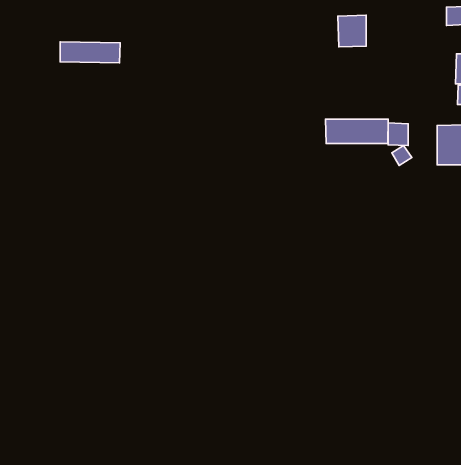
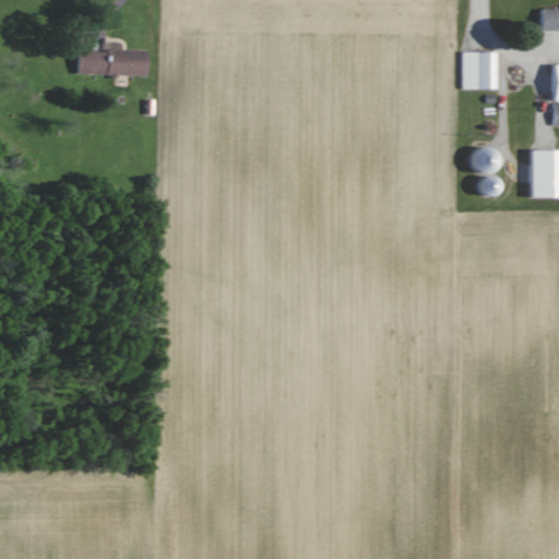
building: [338,15,366,47] -> [463,51,497,90]
building: [325,119,388,144] -> none

